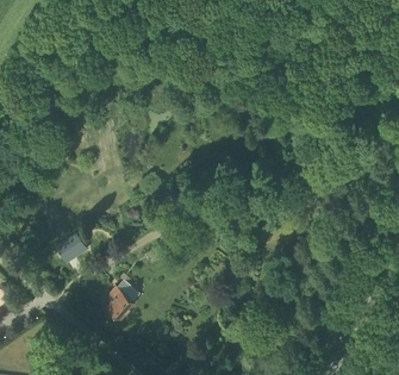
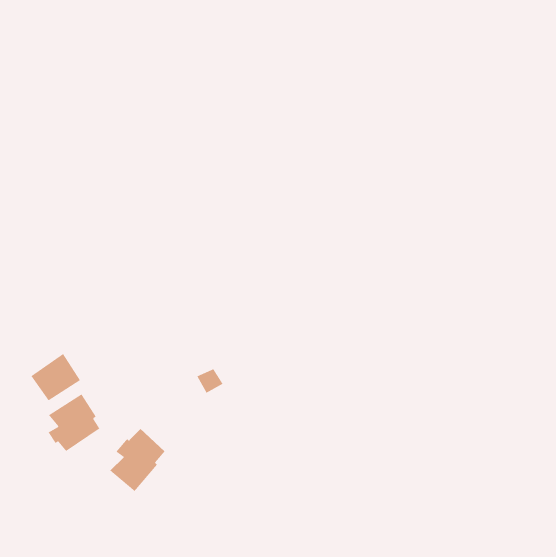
building: none -> [48,394,100,452]

